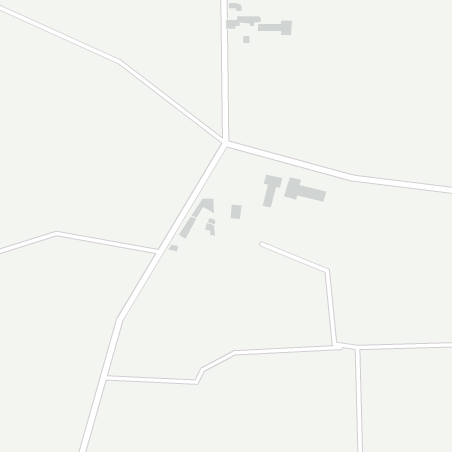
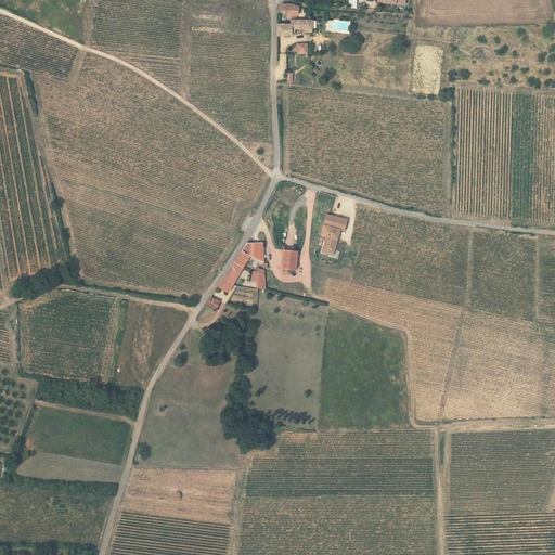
building: [257,20,292,36] -> none
building: [283,176,327,202] -> none

